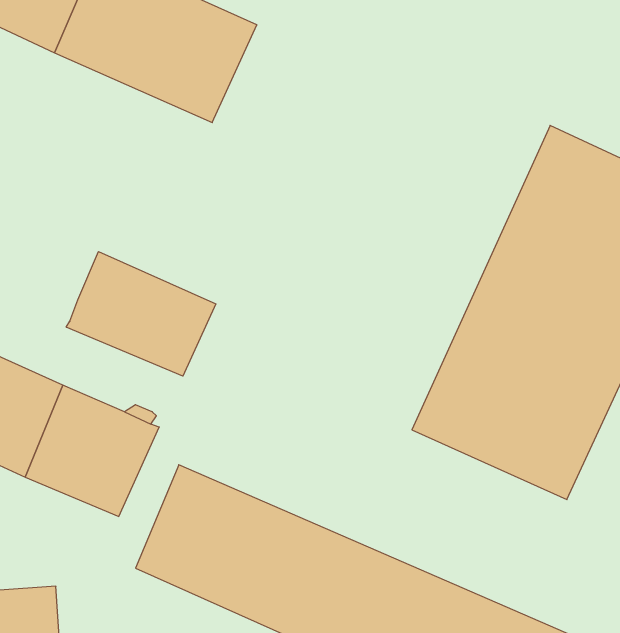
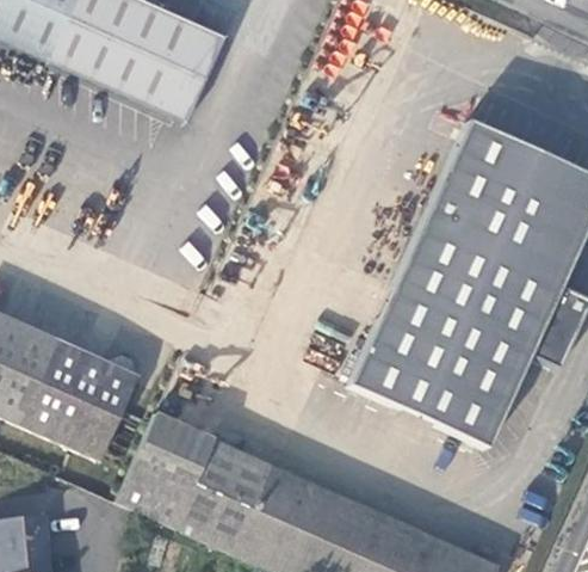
building: [66,252,216,376] -> none

